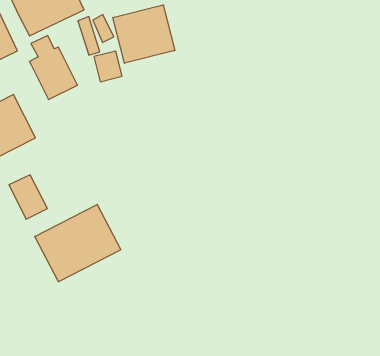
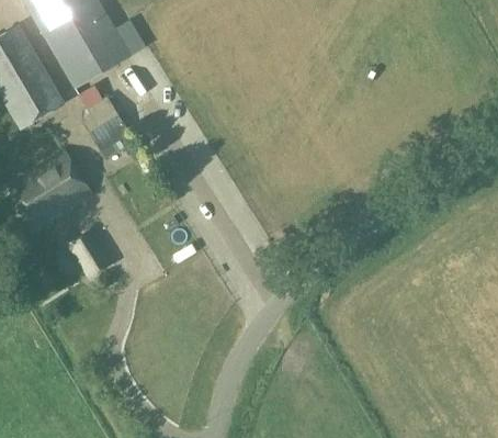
building: [113,5,175,63] -> none
building: [35,204,121,282] -> none

